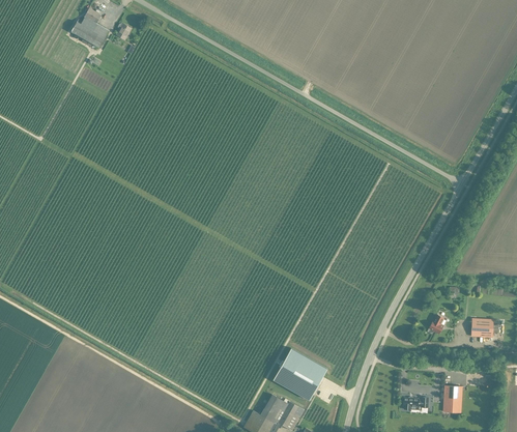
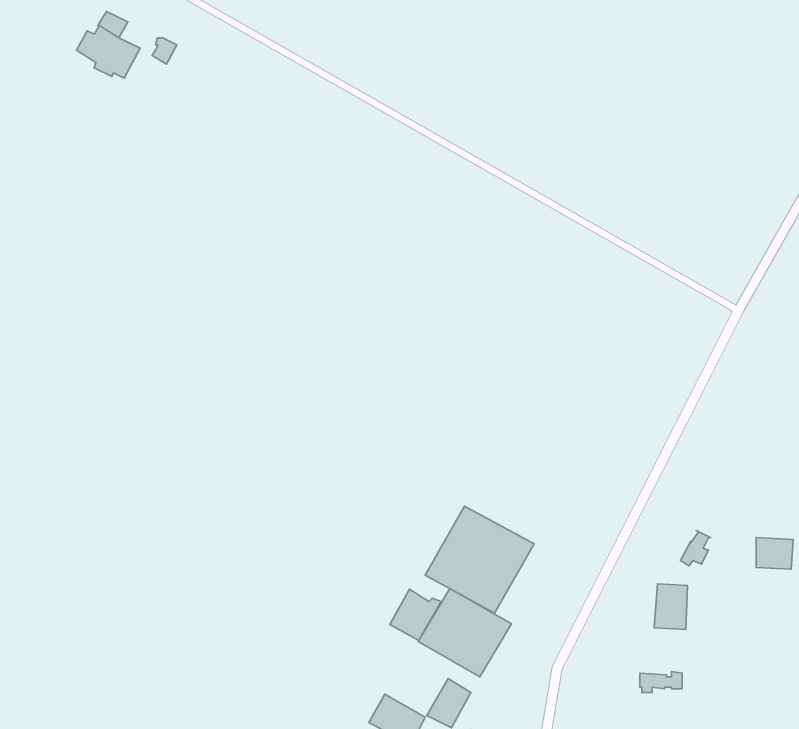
building: none -> [425,506,534,613]
building: [442,385,462,412] -> [654,584,688,629]
building: [260,394,290,424] -> [390,589,441,640]

